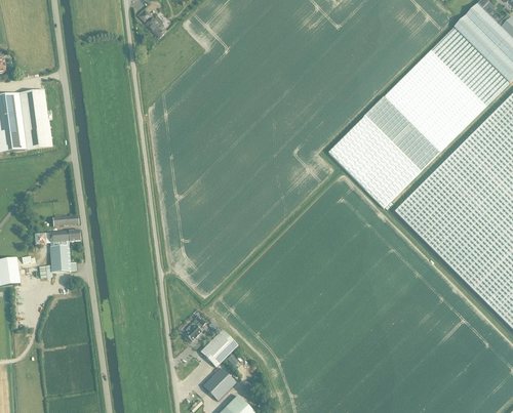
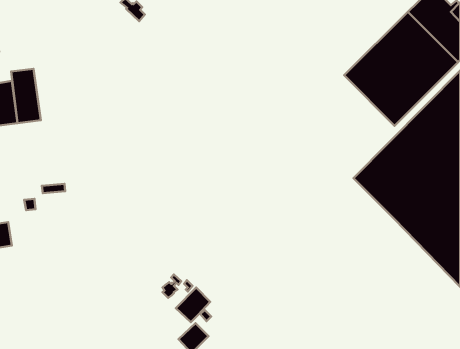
building: [328,95,440,207] -> none
building: [50,228,80,271] -> none

